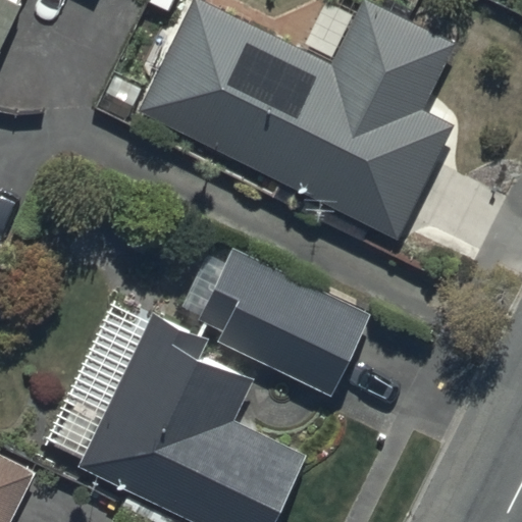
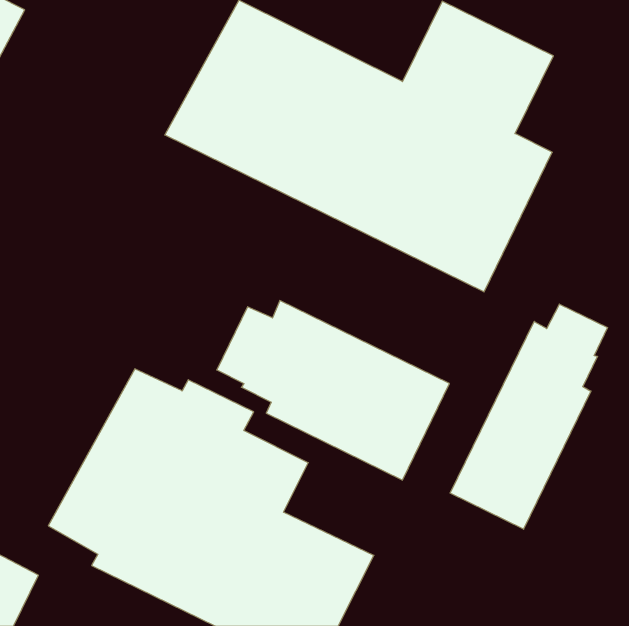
building: none -> [450,304,607,529]

